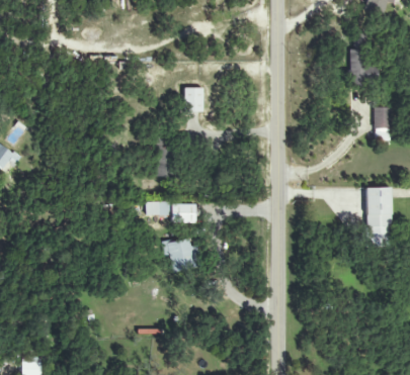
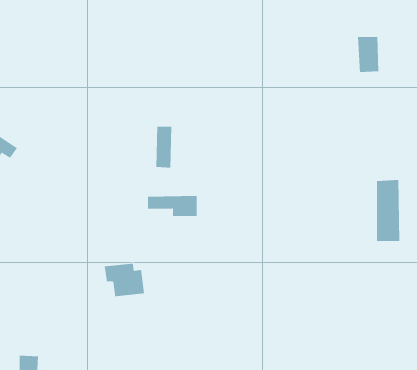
building: [183,87,202,111] -> none
building: [374,107,390,129] -> none
building: [161,239,200,271] -> [104,263,145,297]

